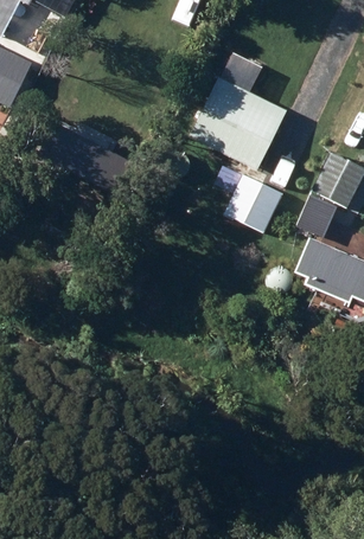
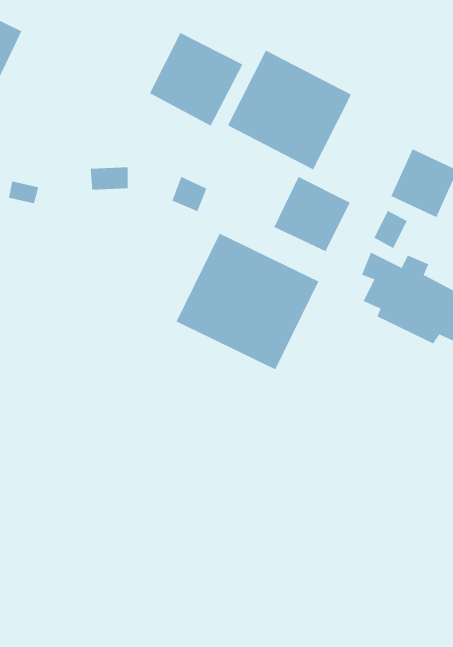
building: none -> [149,32,243,127]
building: none -> [176,233,319,370]

